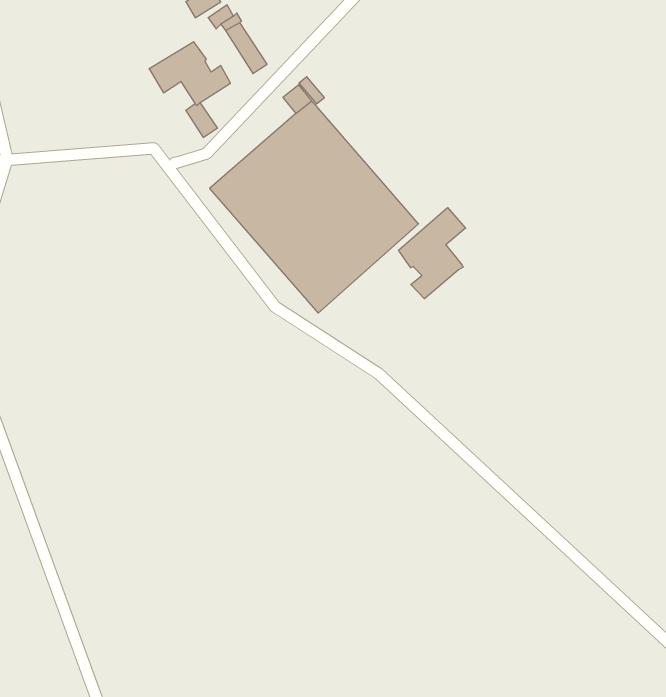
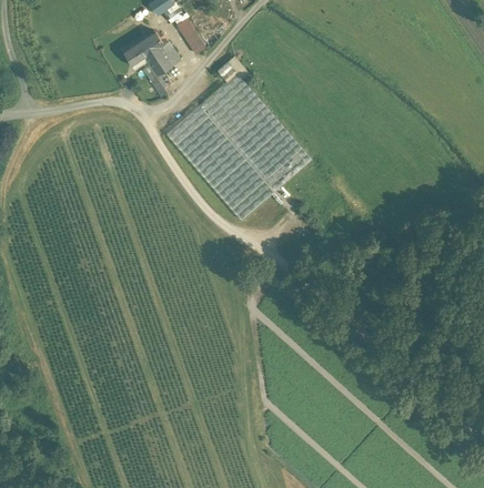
building: [399,208,466,299] -> none

